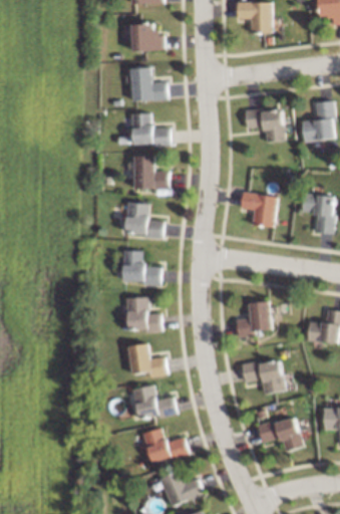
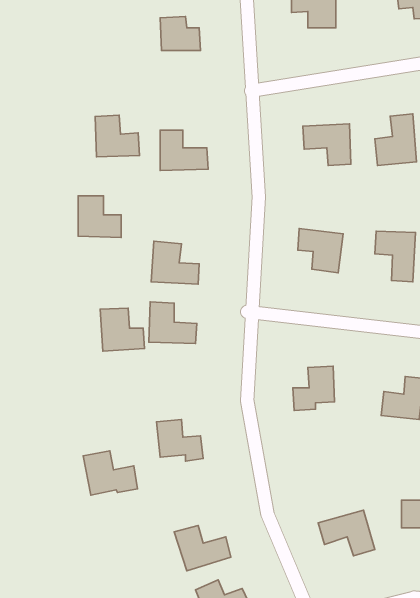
building: [130,67,165,100] -> [95,115,140,157]
building: [133,156,167,189] -> [78,196,121,237]
building: [125,297,160,331] -> [100,308,145,351]
building: [242,359,284,394] -> none
building: [132,384,176,420] -> [83,451,138,495]

